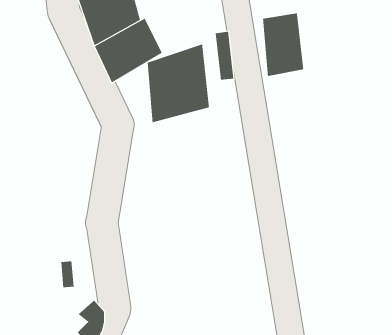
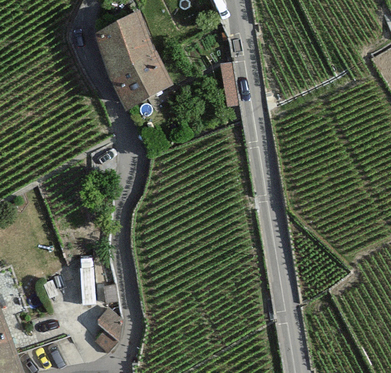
building: [262,12,304,77] -> none
building: [147,44,210,123] -> none

